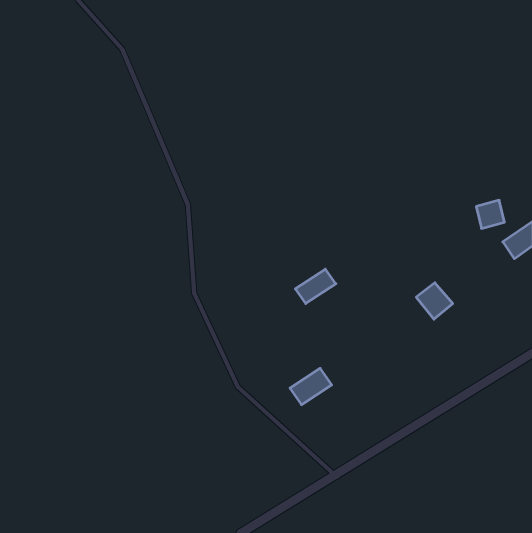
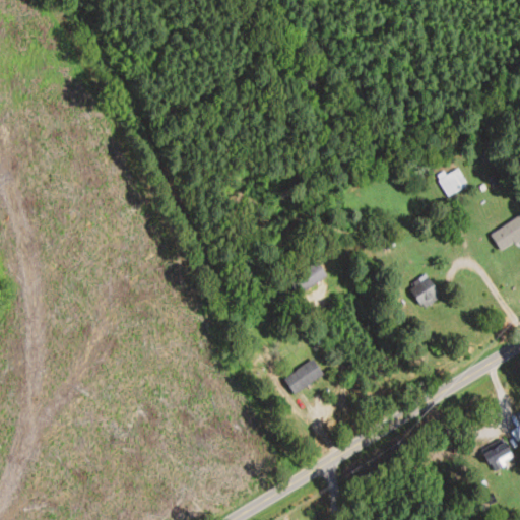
building: [476,200,504,228] -> [440,169,467,196]
building: none -> [483,439,514,470]

